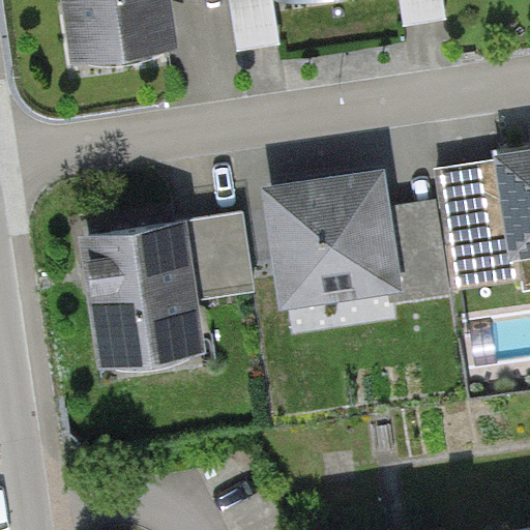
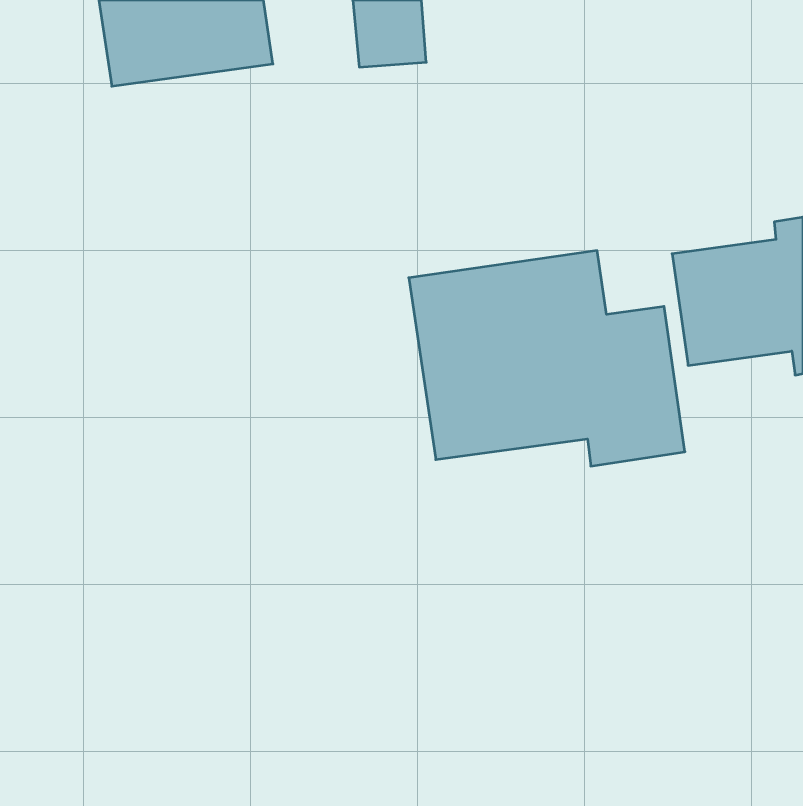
building: [84,216,246,358] -> none

